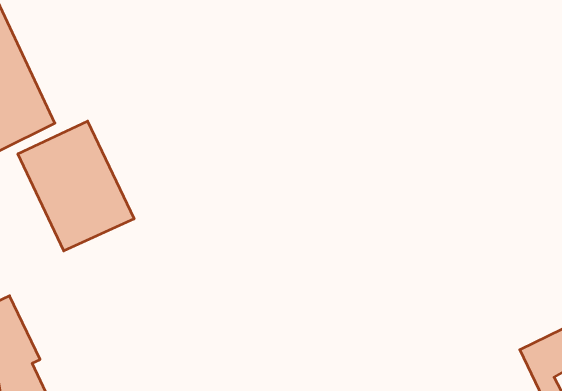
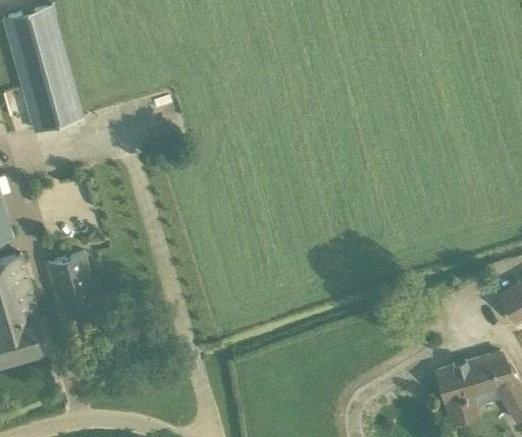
building: [18,121,134,251] -> none
building: none -> [45,253,96,309]

